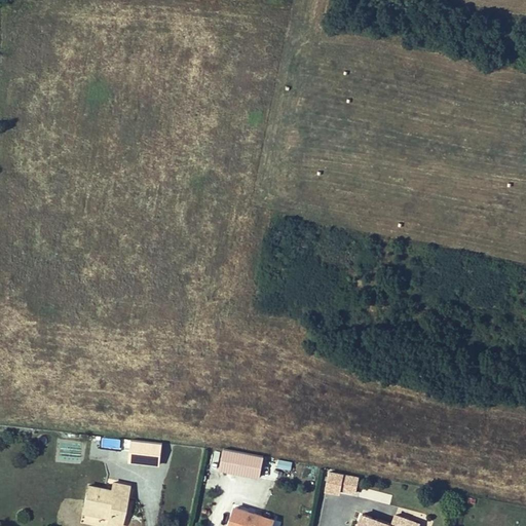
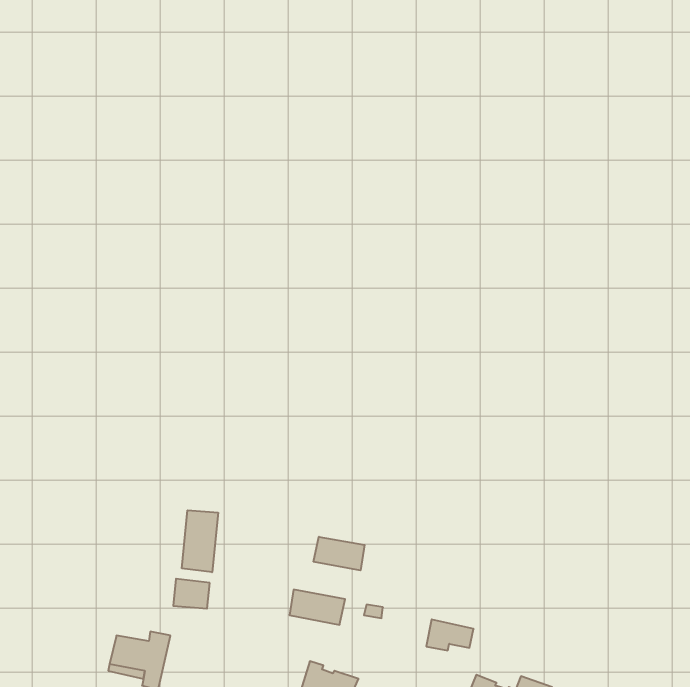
building: none -> [182,510,218,572]
building: none -> [314,537,364,570]

